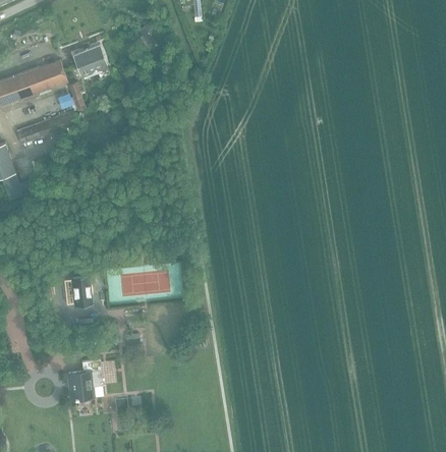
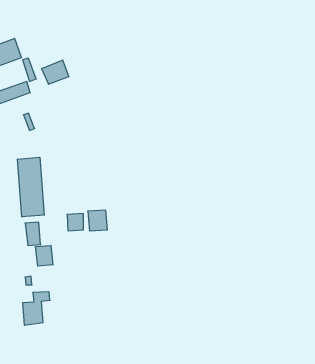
building: [72,47,105,75] -> [42,60,69,84]
building: none -> [18,157,44,217]
building: none -> [36,245,53,266]

